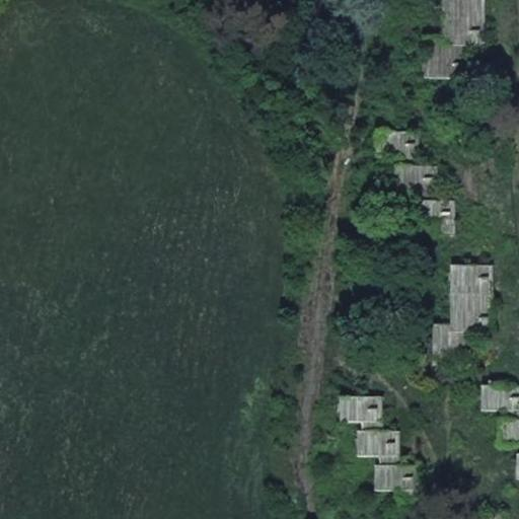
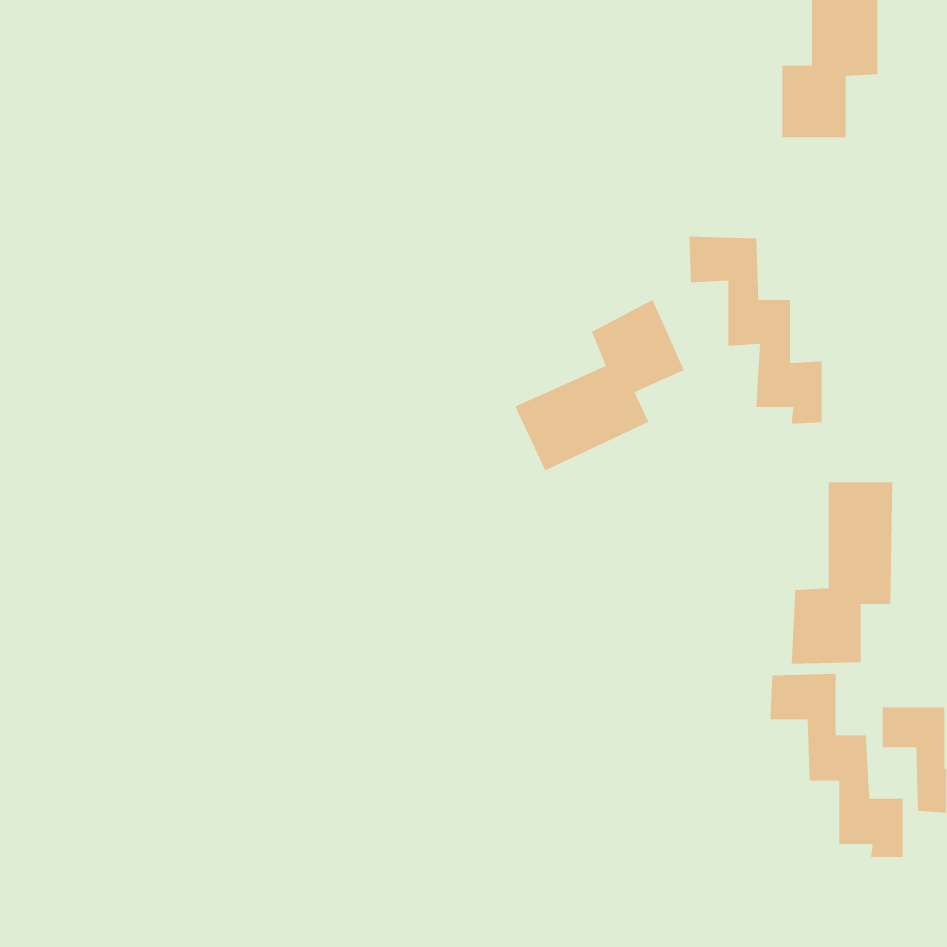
building: none -> [515,299,684,471]
building: [339,396,412,497] -> [770,673,904,858]

